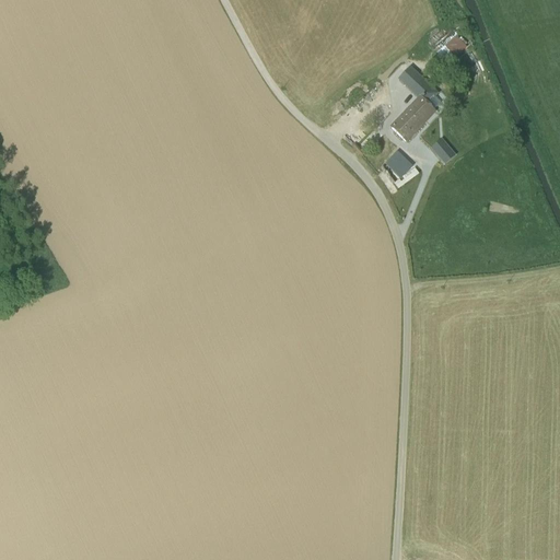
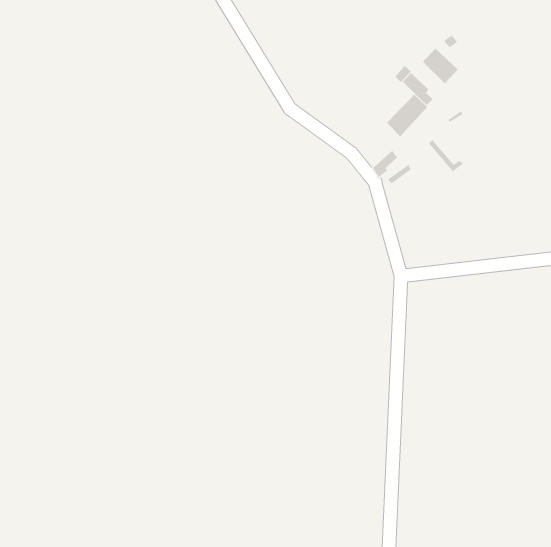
building: none -> [422,48,459,84]

